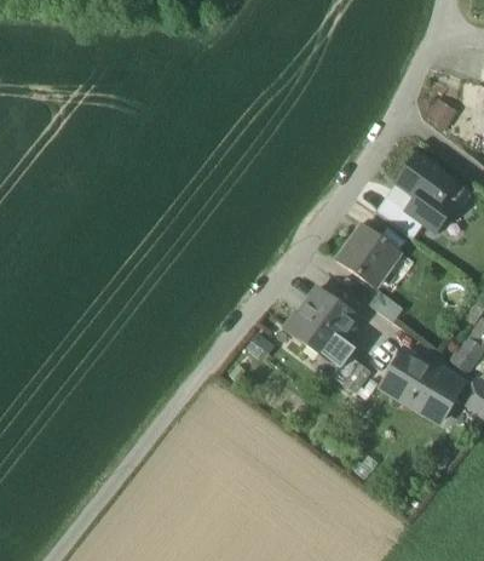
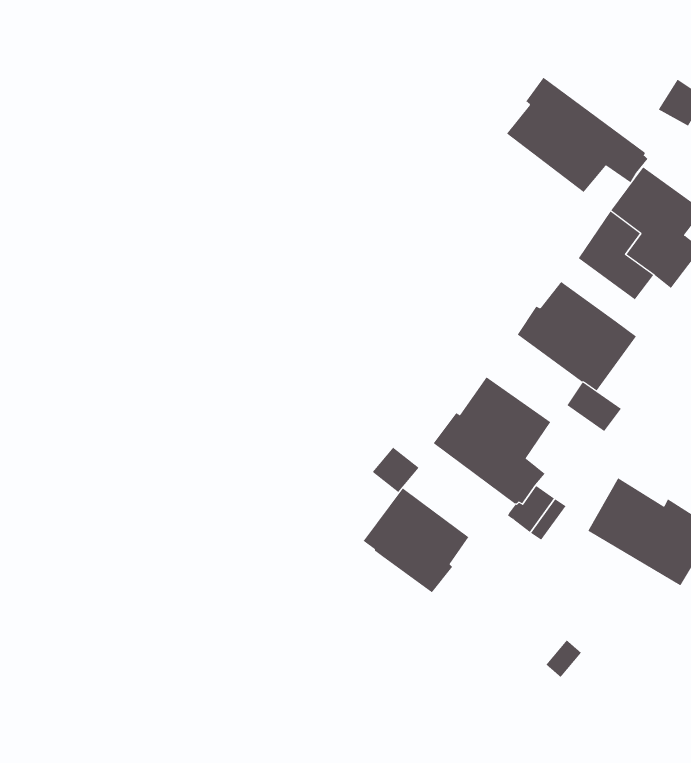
building: none -> [506,77,648,193]
building: none -> [363,488,469,593]

